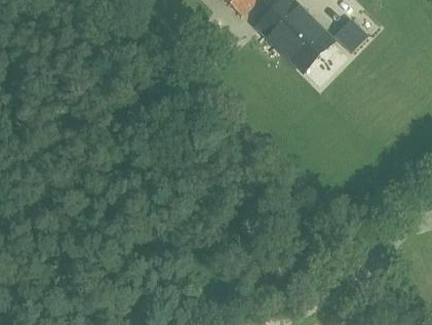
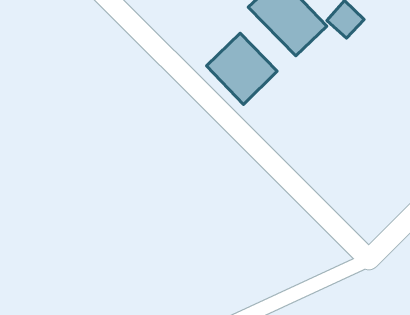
building: none -> [207,33,277,104]

